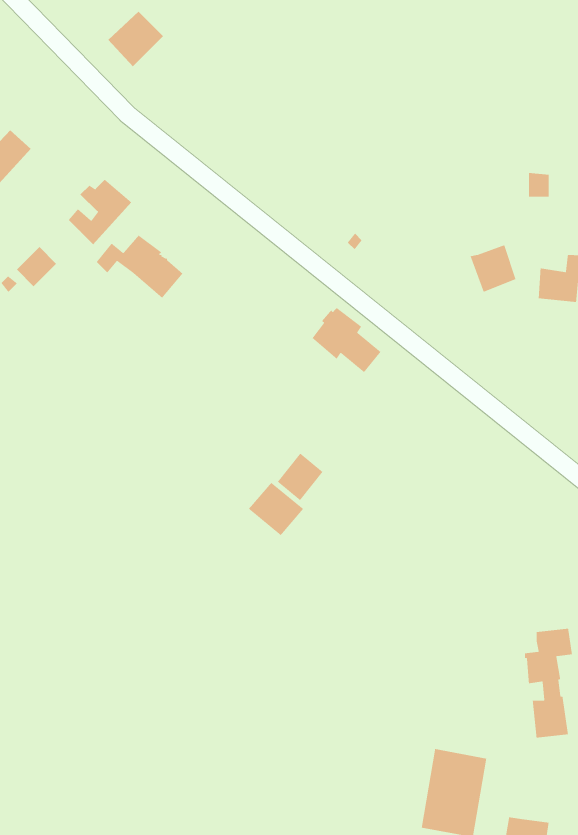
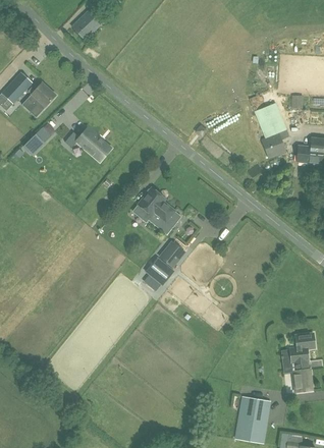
building: [68,179,132,245] -> [22,82,56,117]
building: none -> [255,104,286,137]
building: [312,307,382,373] -> [139,187,175,222]

